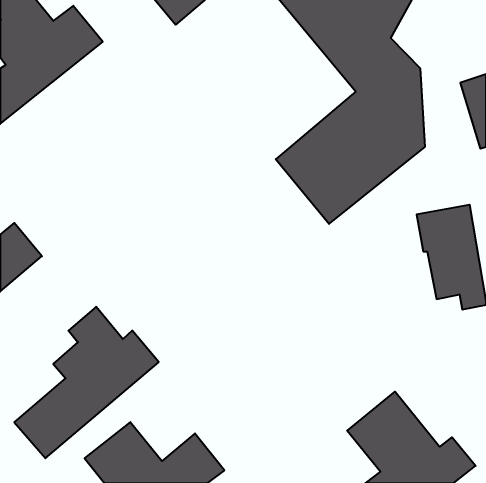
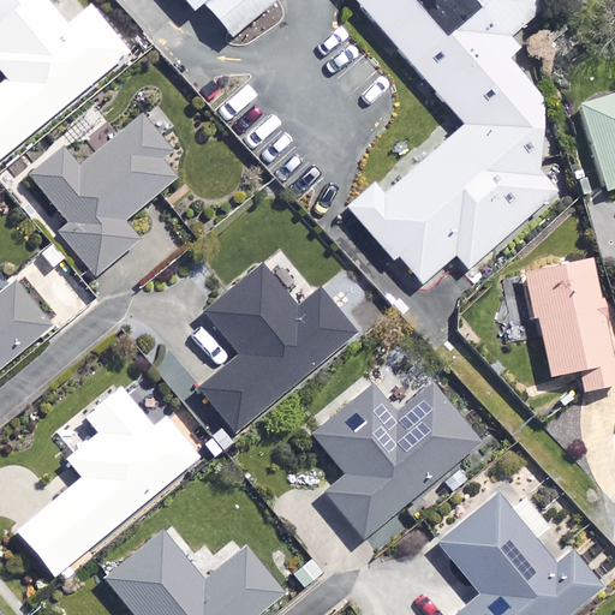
building: none -> [30,115,187,274]
building: none -> [199,267,356,431]
building: none -> [312,375,495,538]

